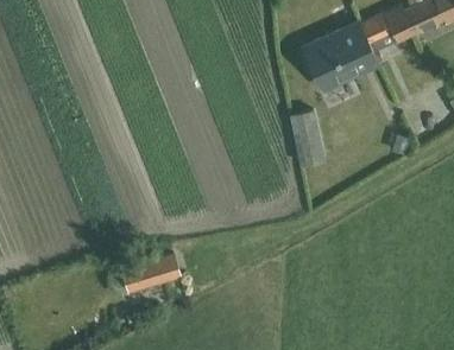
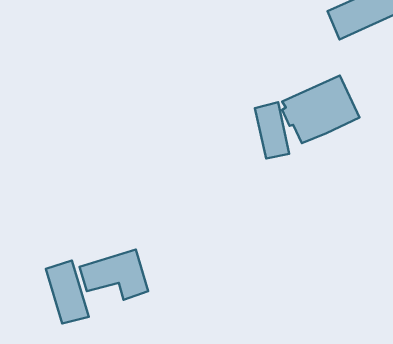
building: [304,24,379,89] -> [282,76,360,143]
building: none -> [46,261,89,324]

